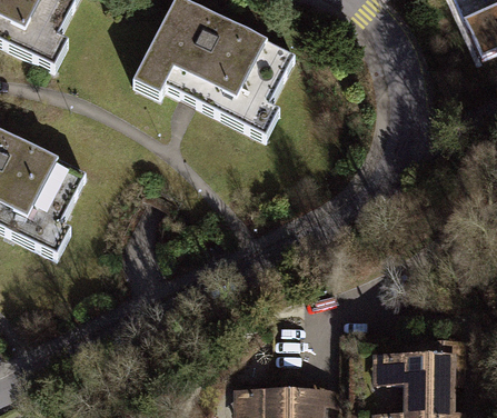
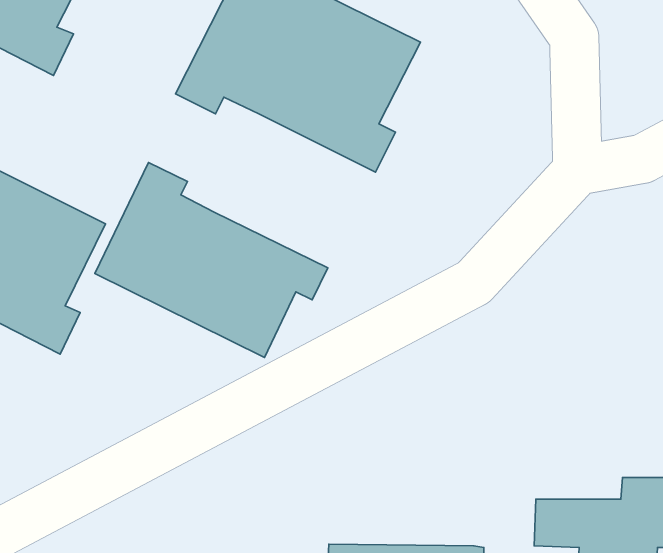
building: none -> [95,163,328,357]

